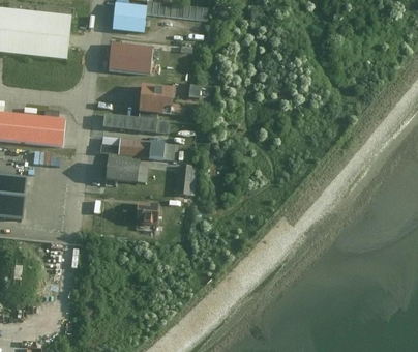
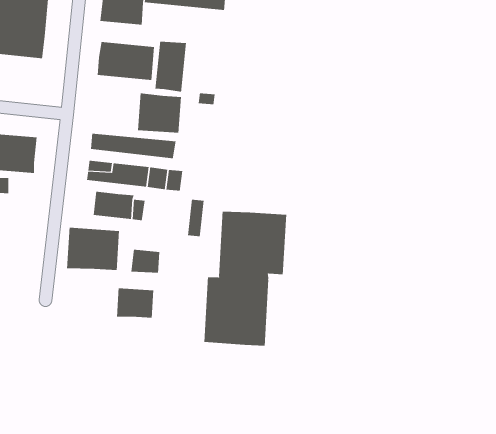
building: none -> [155,41,186,93]
building: none -> [204,211,287,346]
building: none -> [66,227,119,271]
building: none -> [116,287,154,318]

